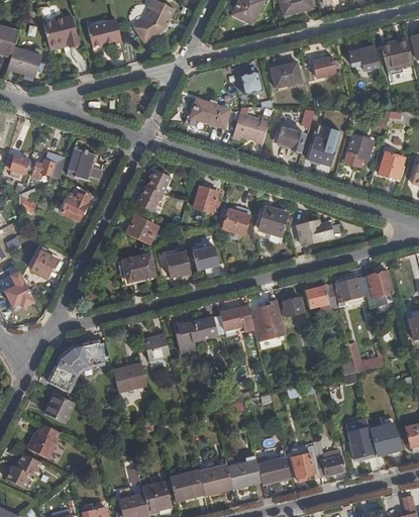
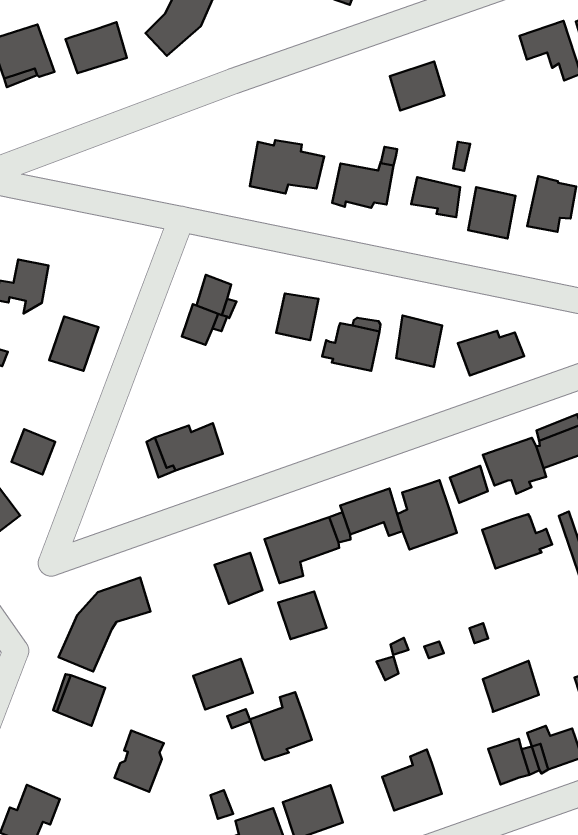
building: [312,55,336,77] -> none
building: [240,69,264,92] -> none
building: [67,145,103,181] -> none
building: [125,215,158,245] -> none
building: [193,244,219,268] -> none
building: [165,249,191,274] -> none
building: none -> [482,514,552,568]
building: none -> [278,591,327,639]
building: [113,364,146,391] -> [193,659,253,710]
building: [28,423,59,459] -> [115,731,164,792]
building: [257,455,289,483] -> [483,661,539,712]
building: [198,456,232,494] -> [250,692,312,760]

